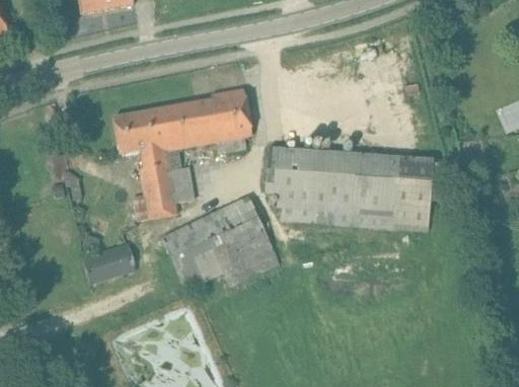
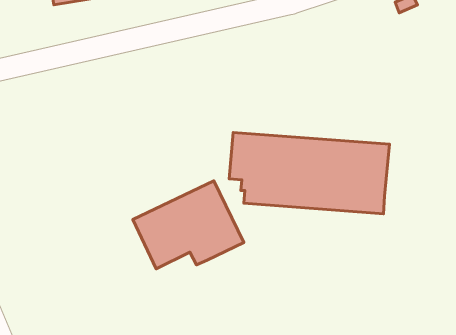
building: [113,89,251,220] -> none
building: [82,242,136,283] -> none

